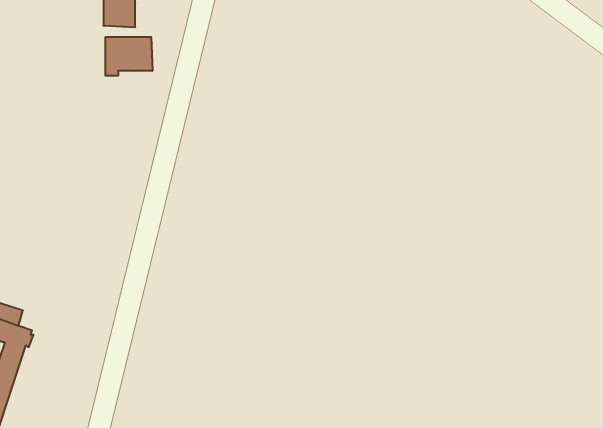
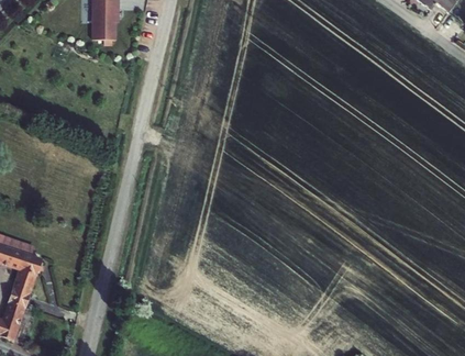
building: [106,37,152,76] -> none

